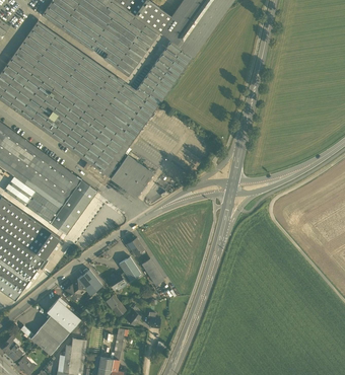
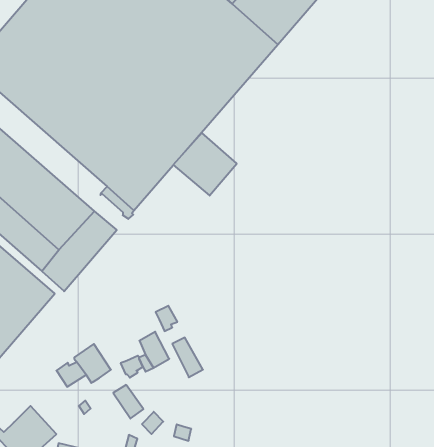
building: [110,155,152,197] -> [173,133,237,196]
building: [46,296,80,331] -> none

